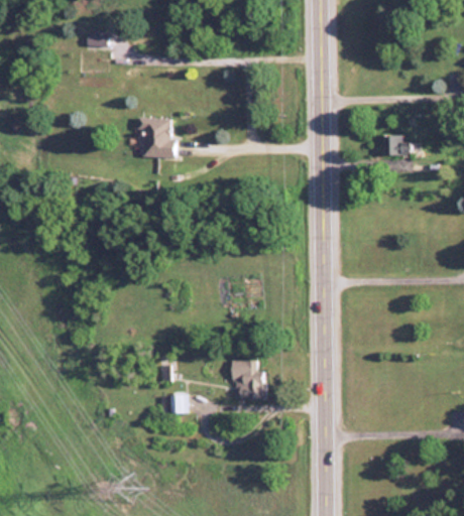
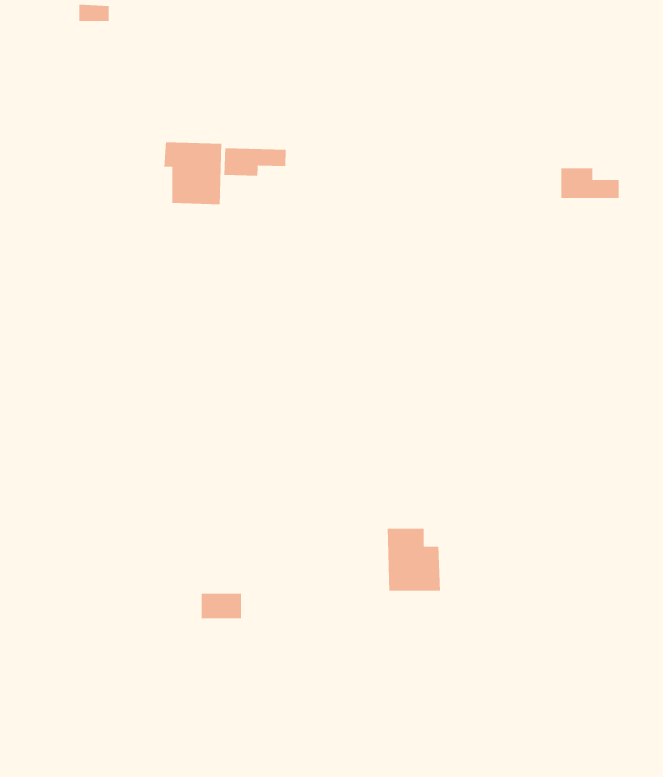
building: none -> [224,147,287,176]
building: [233,361,266,400] -> [387,528,441,592]

